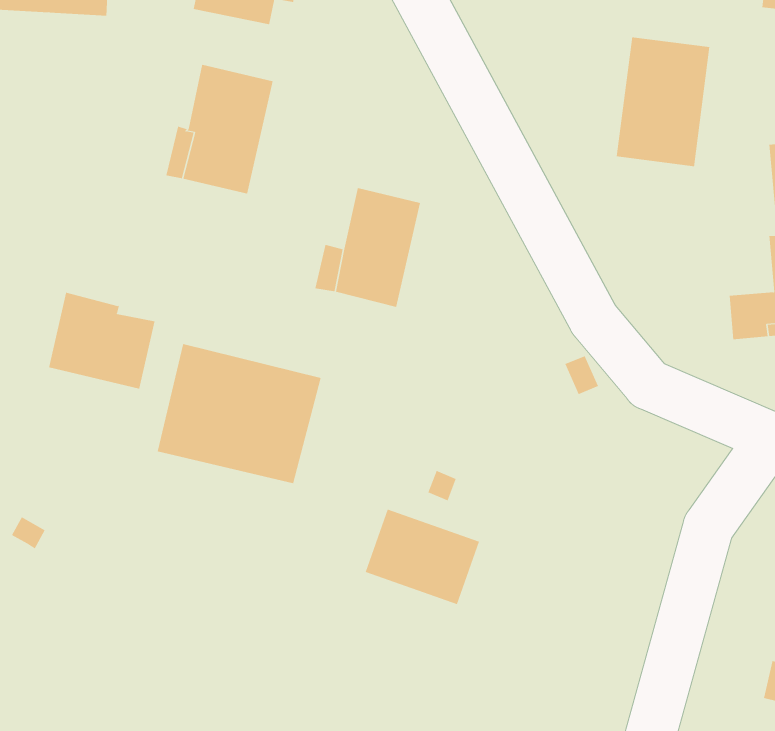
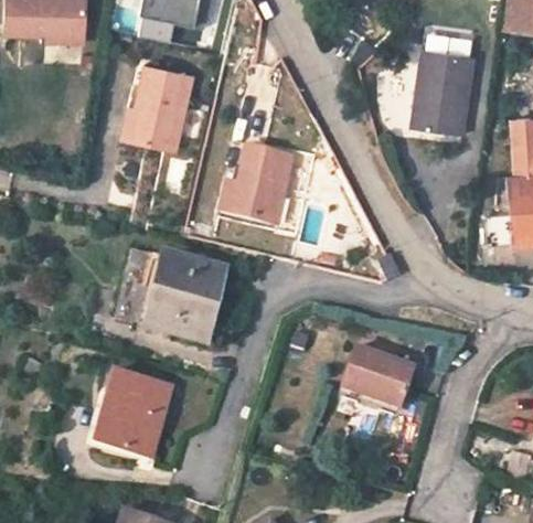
building: [48,292,155,389] -> none
building: [365,509,480,605] -> [341,345,415,407]
building: none -> [94,371,171,456]

